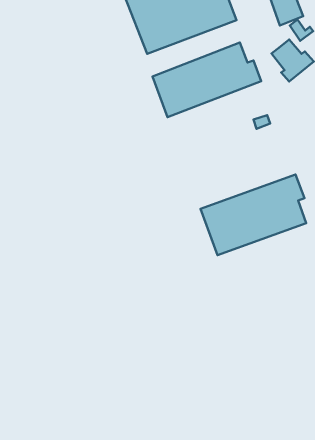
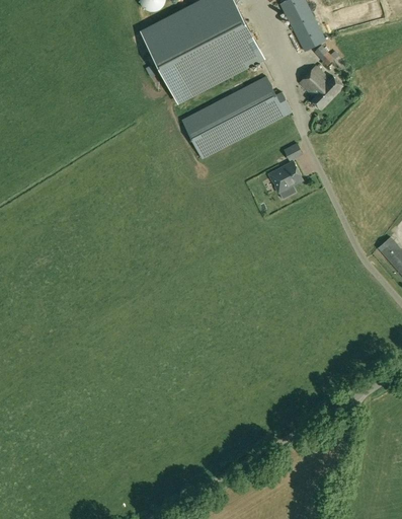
building: none -> [269,162,303,192]
building: [200,175,306,255] -> none

